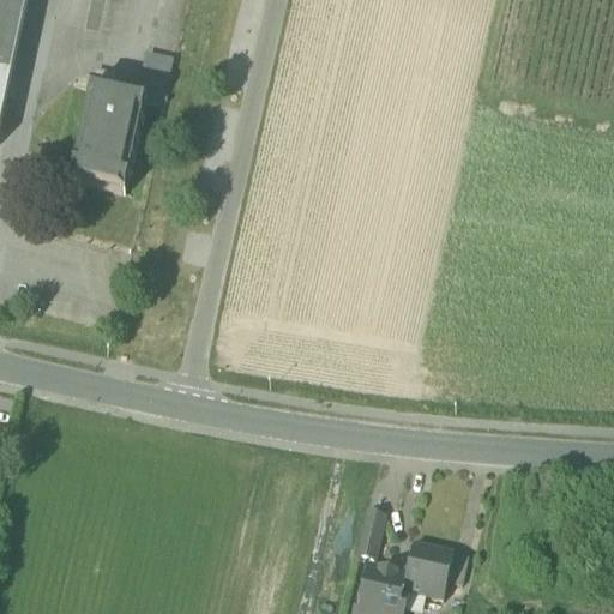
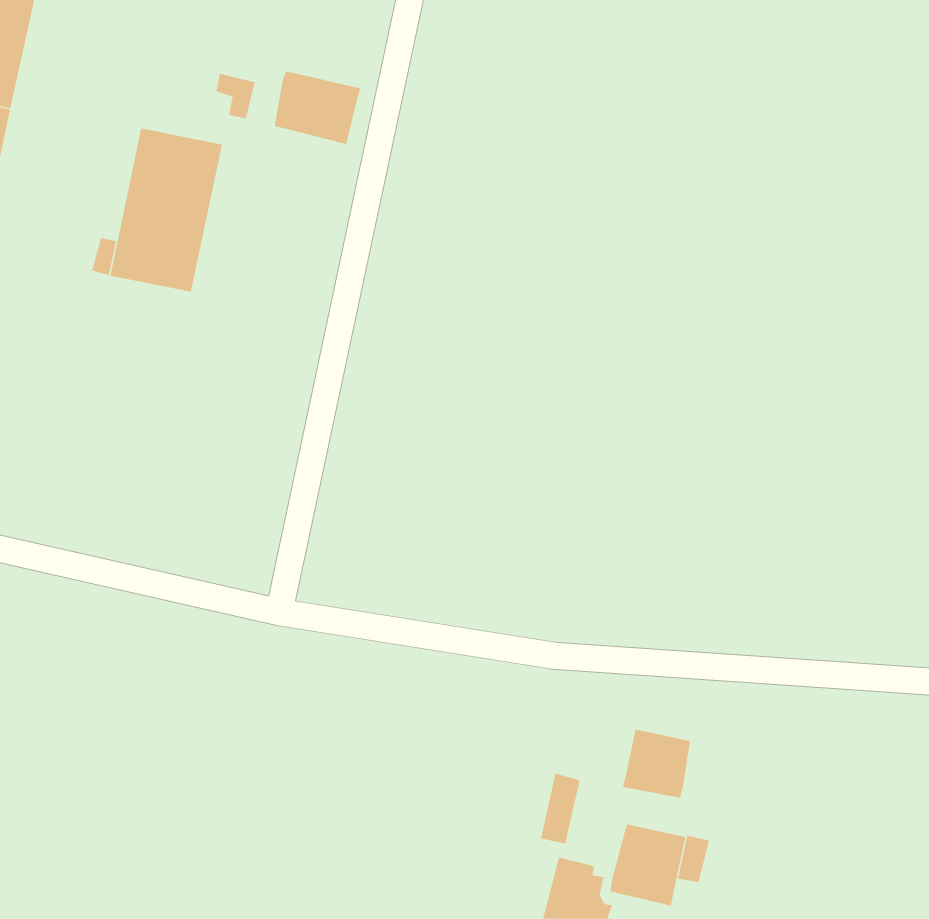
building: none -> [274,70,361,145]
building: none -> [623,729,691,798]

